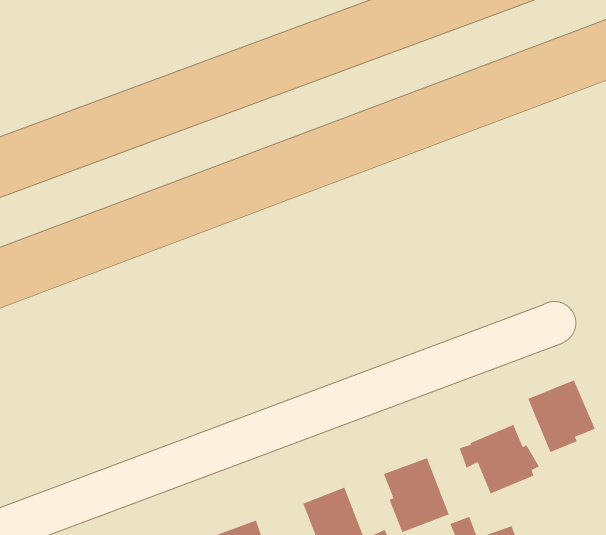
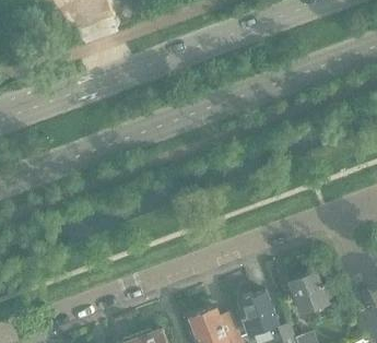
building: [528,379,595,453] -> none

